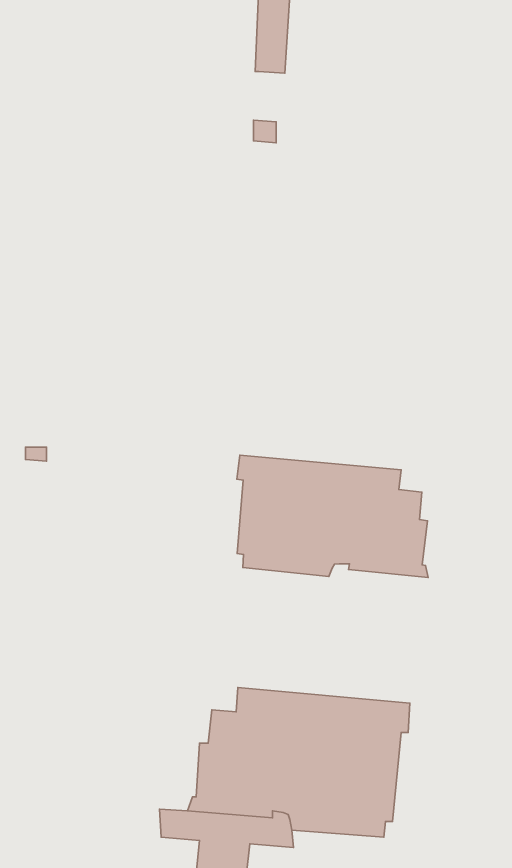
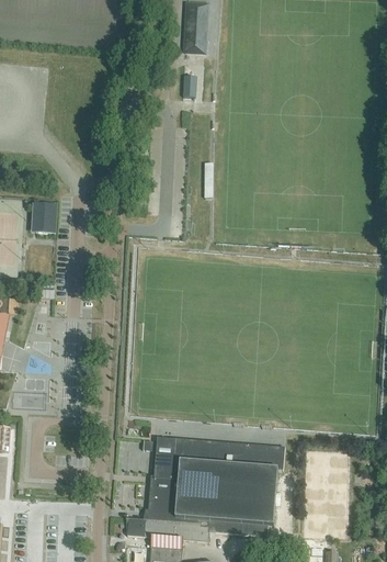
building: none -> [31,200,58,231]
building: [237,455,428,578] -> none

